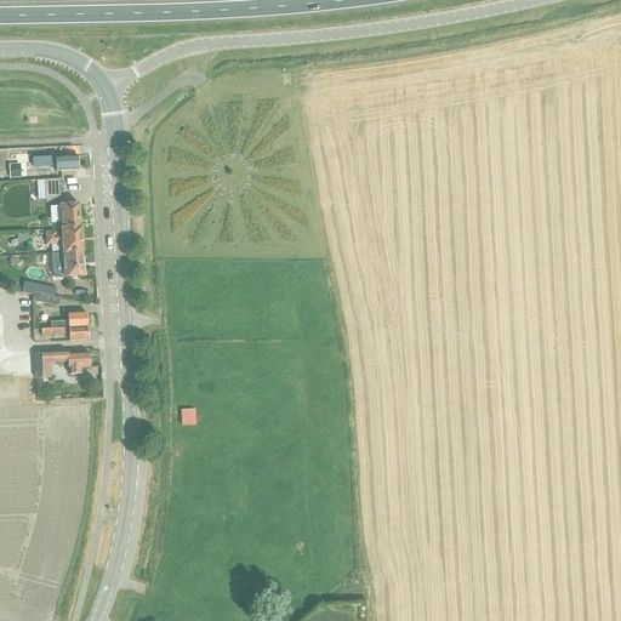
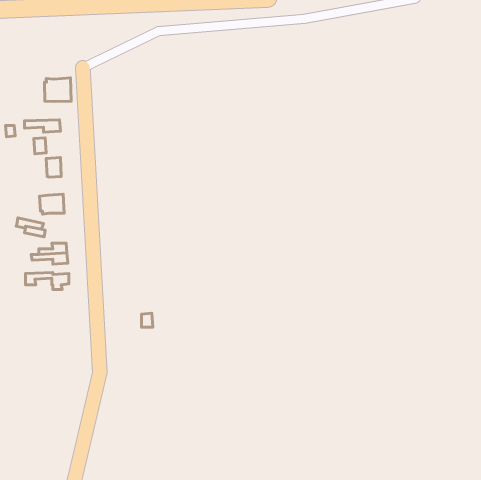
building: none -> [44,78,71,102]
building: [45,227,82,251] -> none

